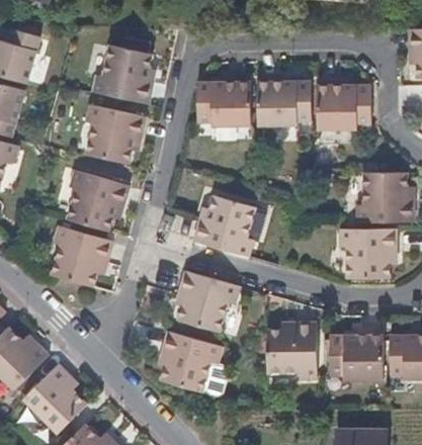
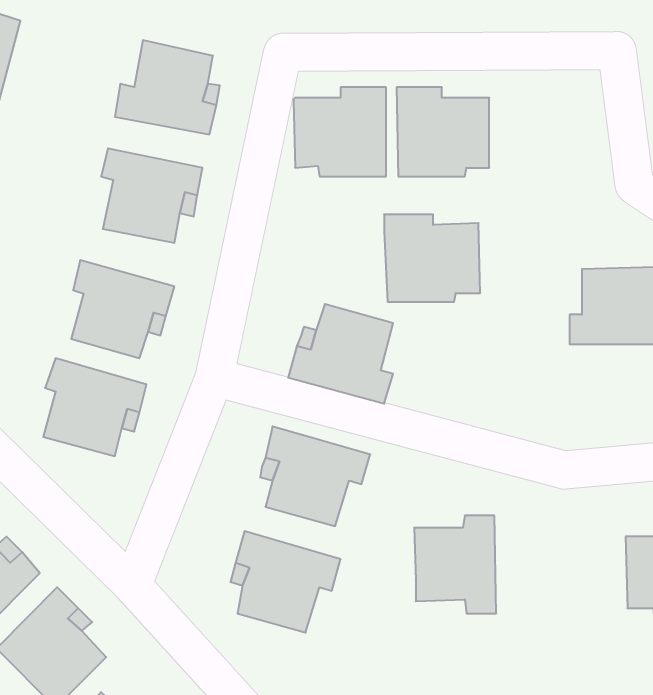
building: [316,79,371,129] -> [384,214,480,302]
building: [339,229,396,276] -> none
building: [329,328,382,378] -> none

